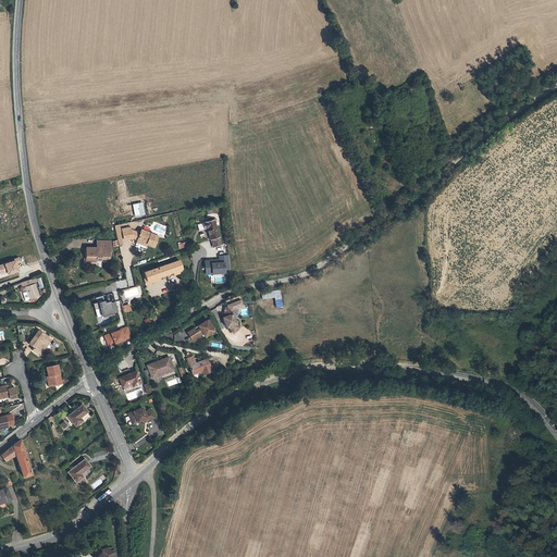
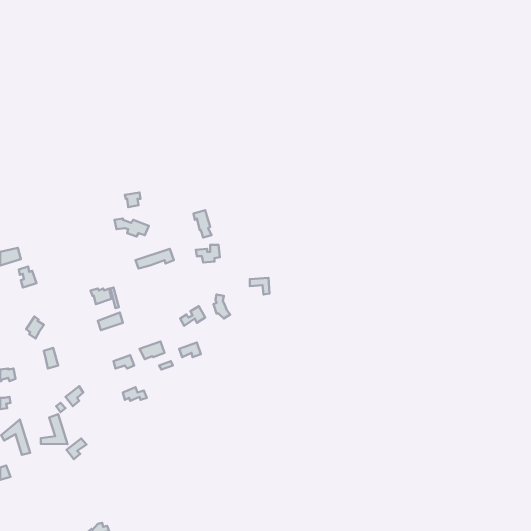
building: [85,242,113,264] -> none
building: none -> [41,414,68,444]

